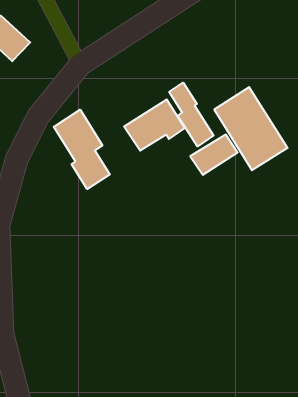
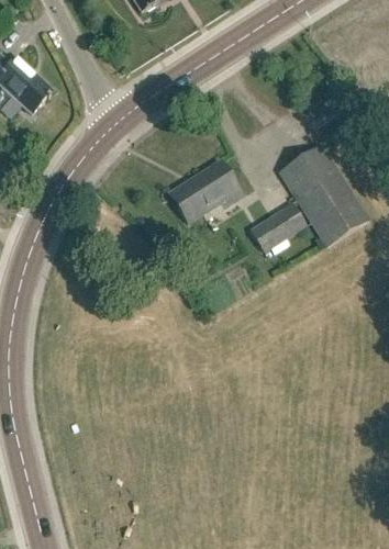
building: [169,83,214,146] -> none
building: [54,110,110,189] -> none

